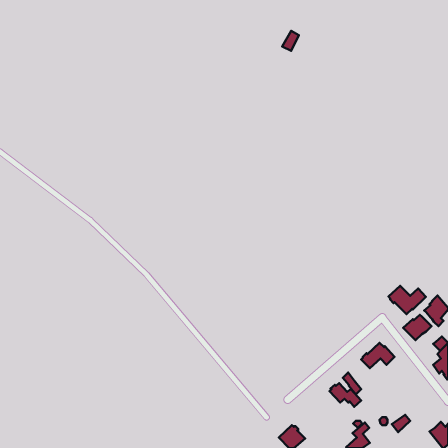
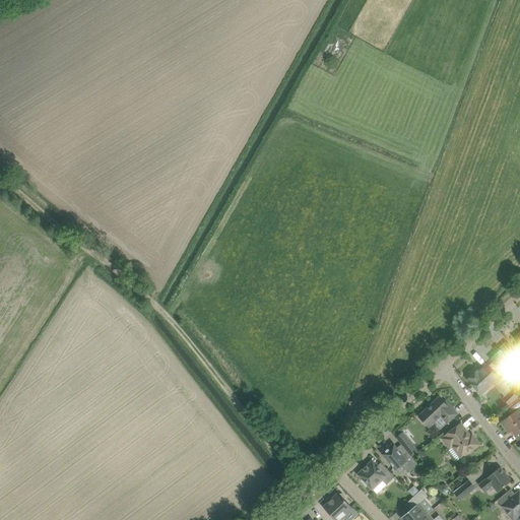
building: [389,286,426,314] -> none
building: none -> [444,424,479,458]
building: none -> [360,461,395,489]
building: none -> [479,468,512,492]

